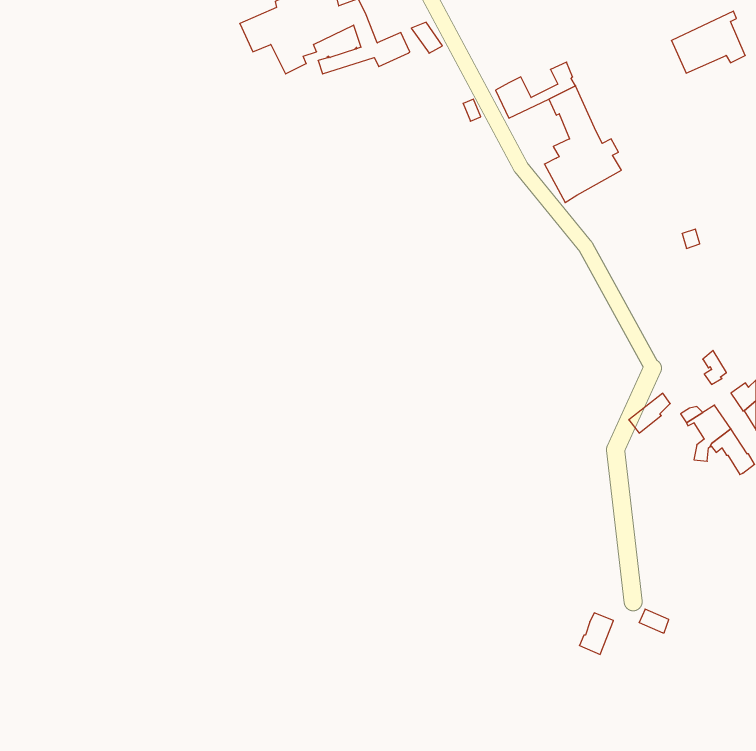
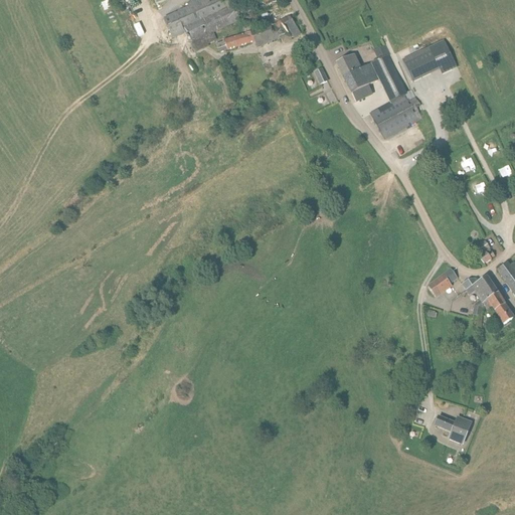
building: [671,11,745,73] -> [402,37,453,79]
building: none -> [346,67,378,100]
building: [579,613,613,654] -> [448,415,471,444]

